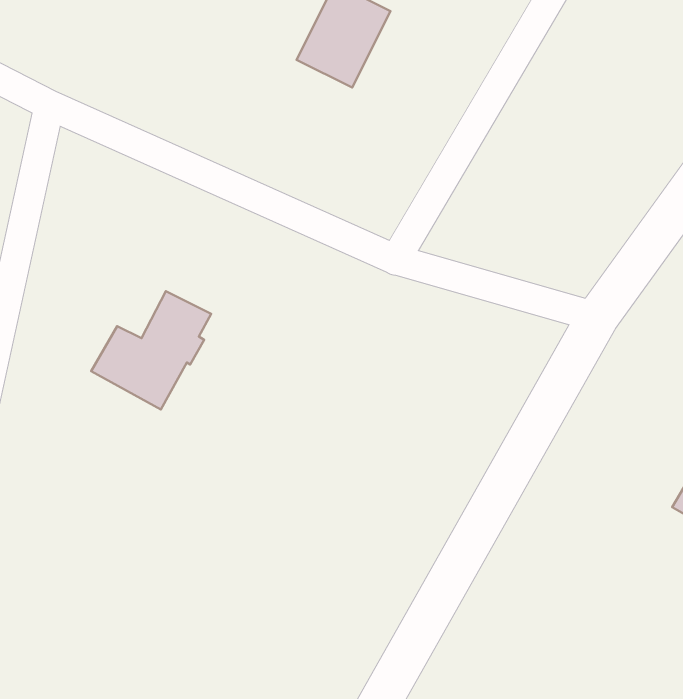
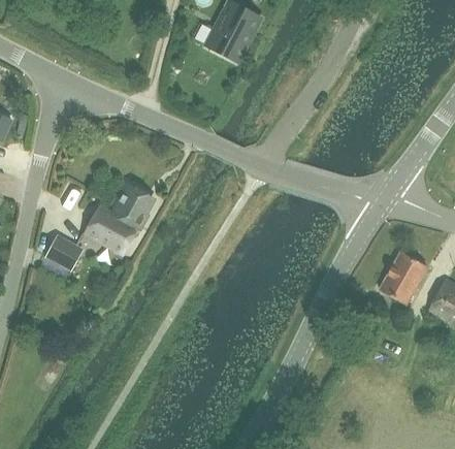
building: none -> [43,233,80,270]
building: none -> [381,252,427,303]

